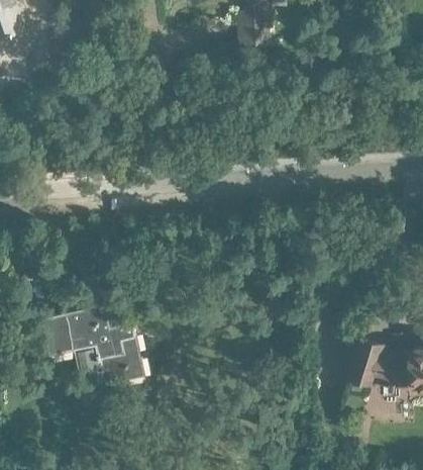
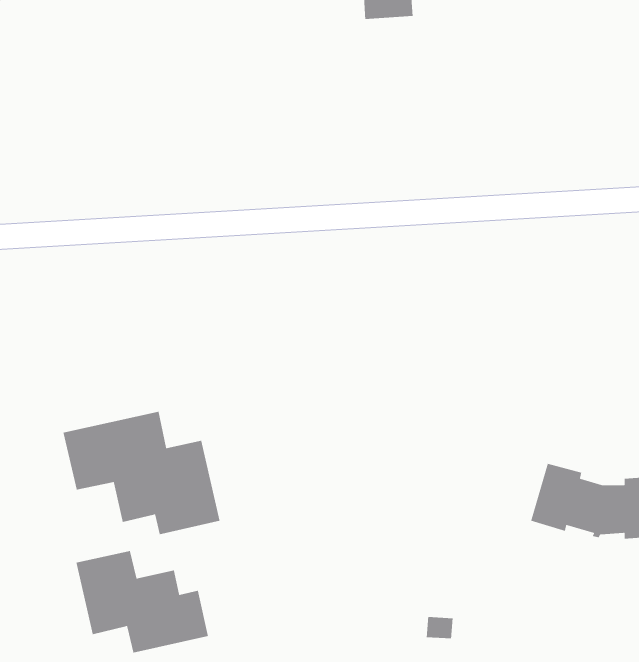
building: none -> [75,550,209,653]

